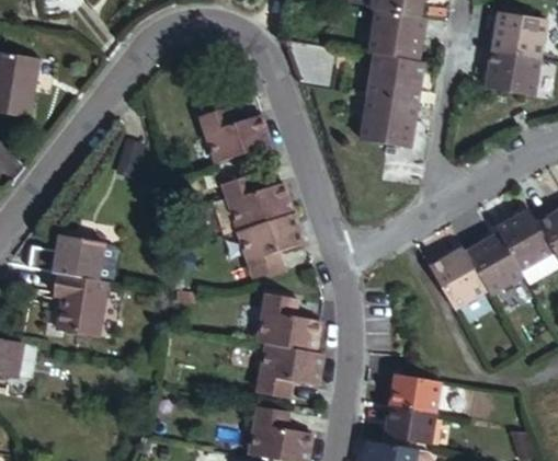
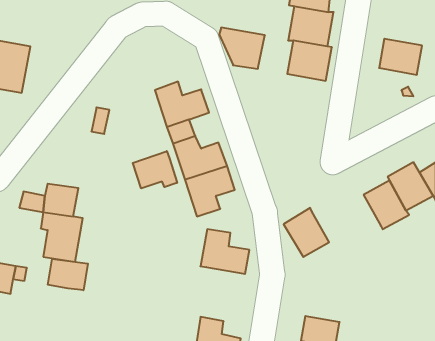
building: [491,14,546,60] -> none
building: [360,96,417,149] -> none
building: none -> [133,151,177,188]
building: [429,246,487,309] -> [284,208,329,257]
building: none -> [48,259,88,290]
building: [255,343,320,396] -> none
building: [390,374,440,413] -> none

